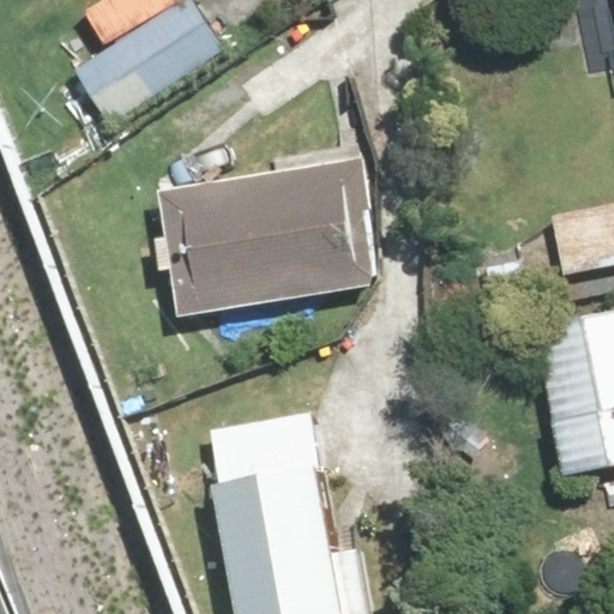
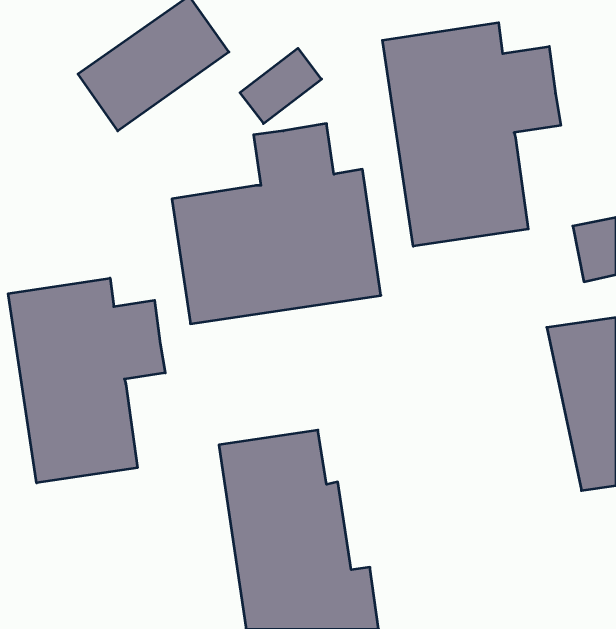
building: none -> [382,23,561,246]
building: none -> [8,278,165,483]

